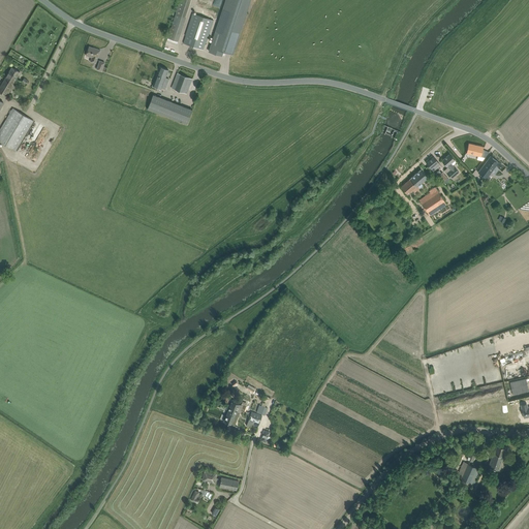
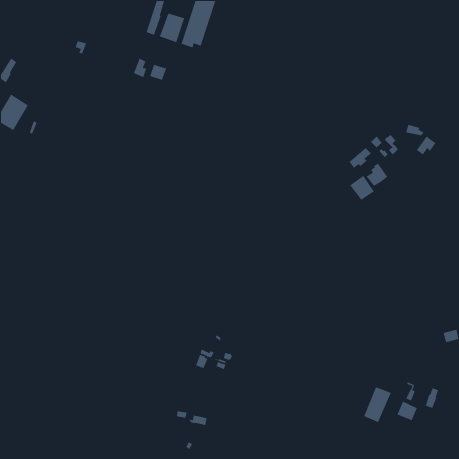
building: [147,94,192,124] -> none
building: none -> [349,175,375,201]
building: none -> [363,386,392,423]

